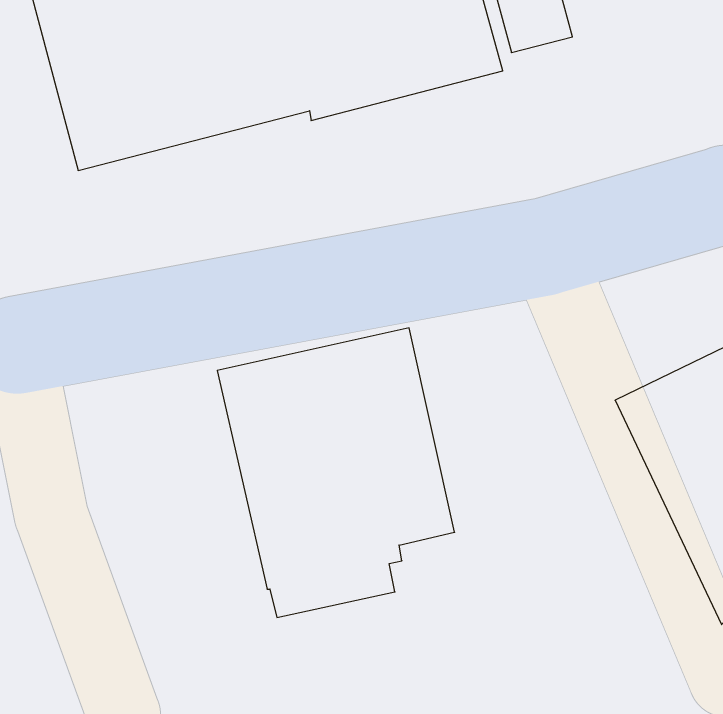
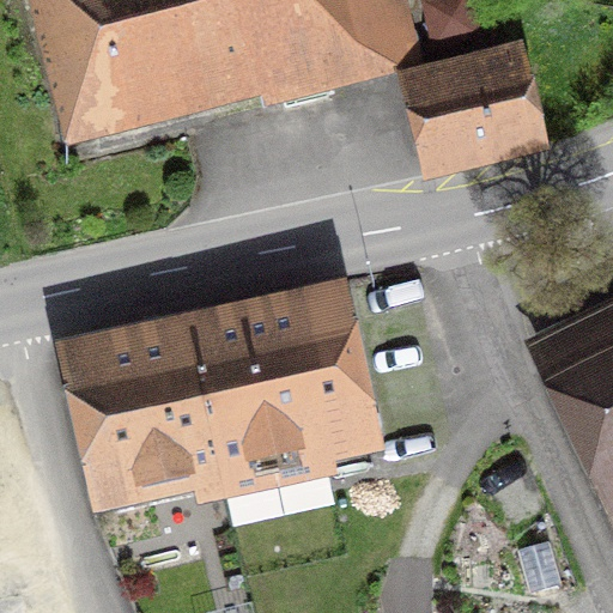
building: none -> [397,38,551,182]
building: none -> [56,312,227,514]

